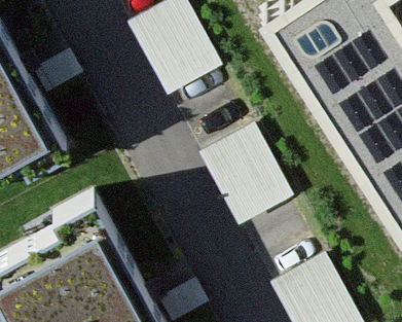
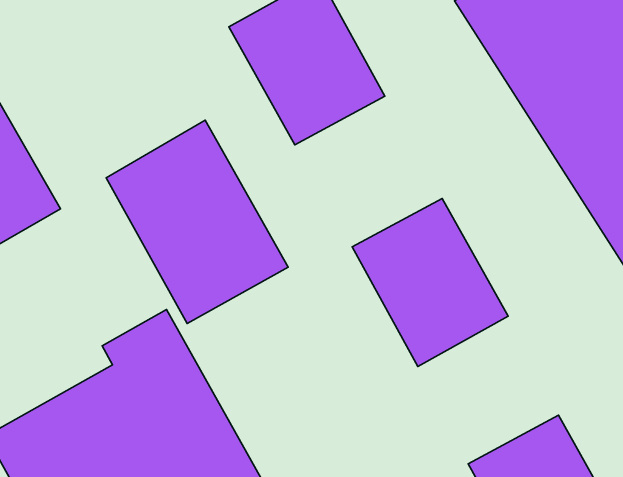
building: none -> [106,120,288,323]

